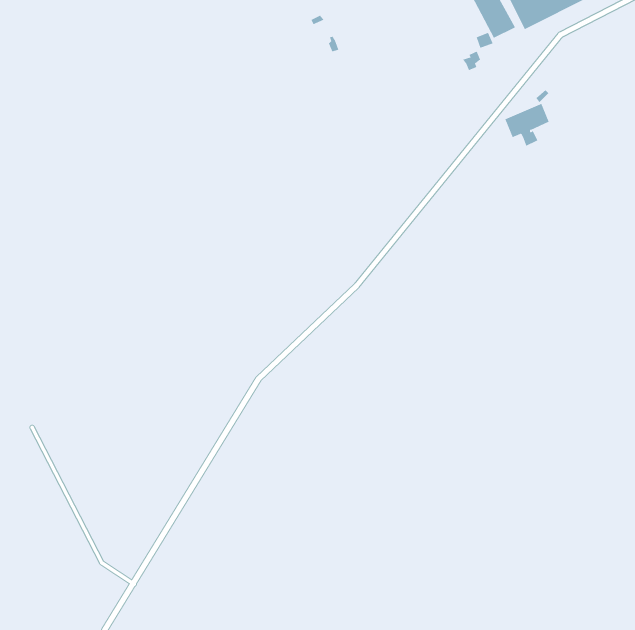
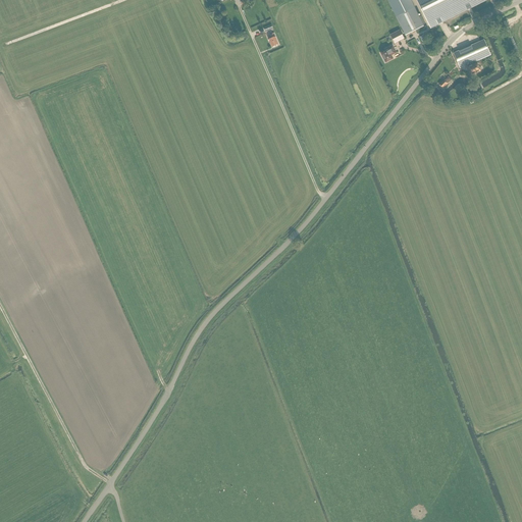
building: [505,103,549,147] -> [454,36,490,71]

